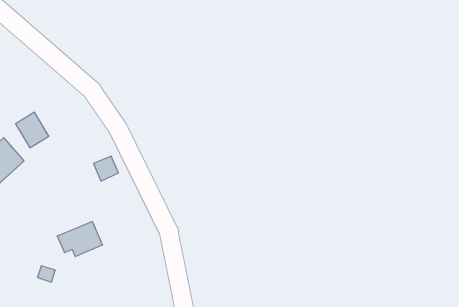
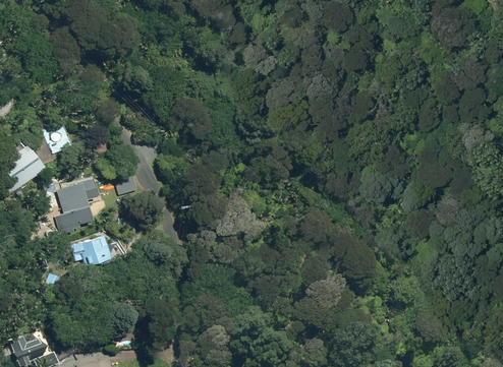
building: none -> [53,177,97,235]

